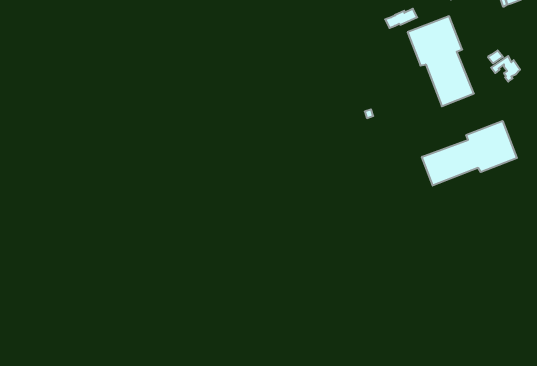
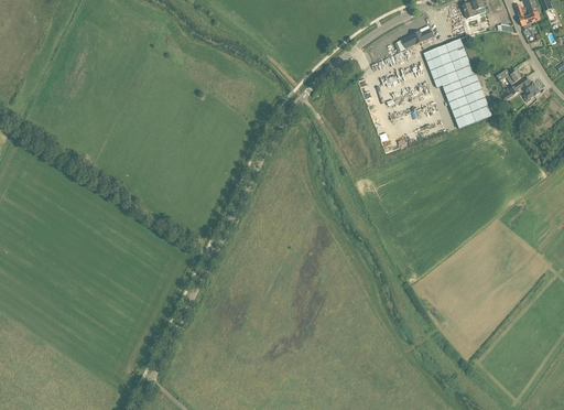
building: [422,121,517,186] -> none

